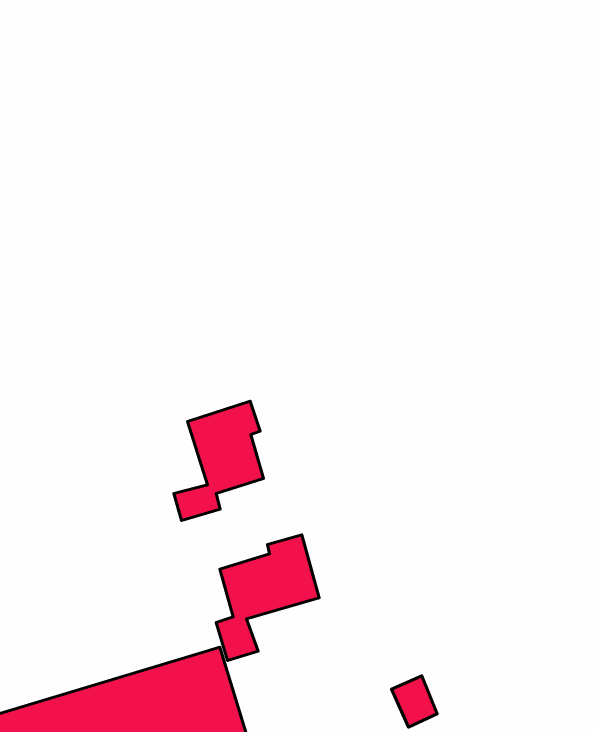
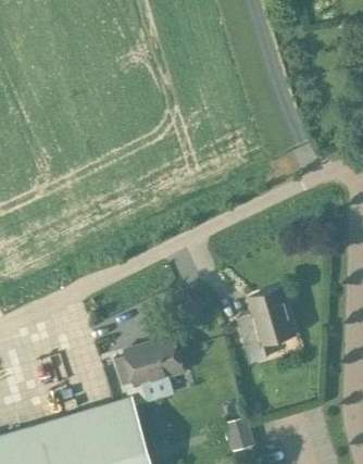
building: [174,401,264,521] -> none
building: none -> [241,289,296,364]

